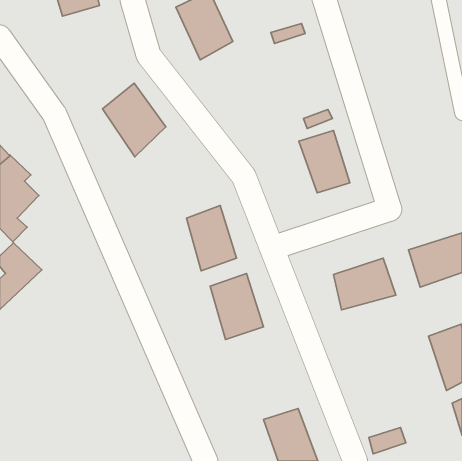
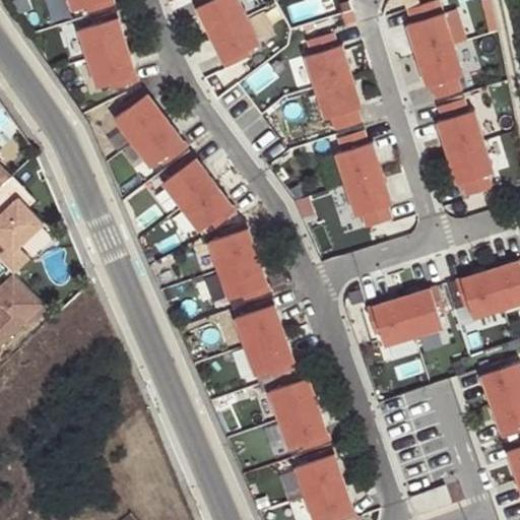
building: none -> [404,13,467,98]
building: none -> [77,19,136,93]
building: none -> [307,49,365,127]
building: none -> [436,110,493,188]
building: none -> [162,158,232,234]
building: none -> [266,380,328,453]

